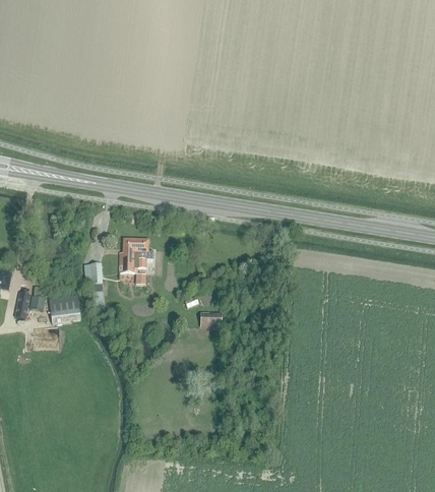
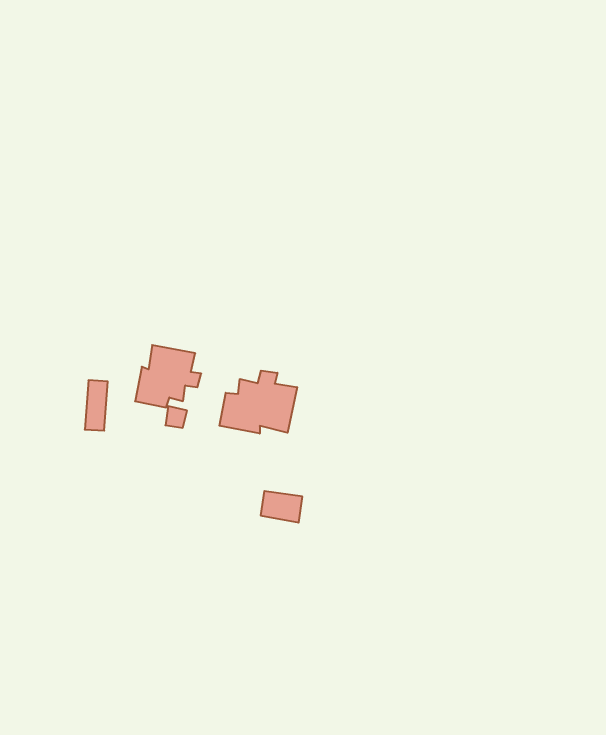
building: none -> [219,371,297,434]
building: [48,294,79,322] -> none

